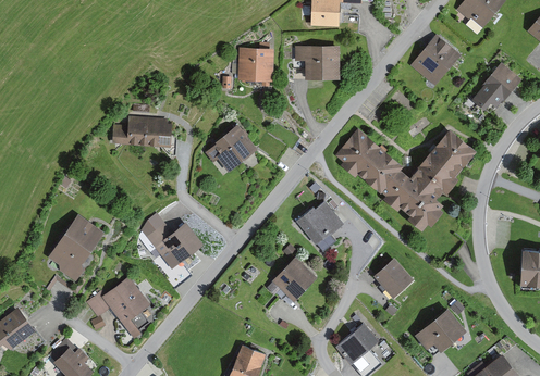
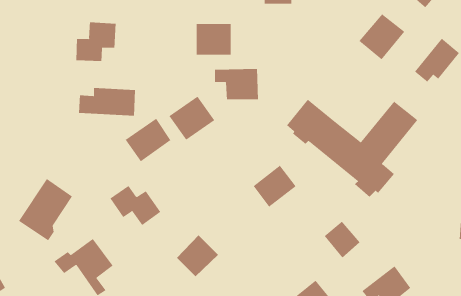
building: none -> [76,21,116,62]
building: [295,46,343,79] -> [214,68,259,100]
building: none -> [125,118,171,162]
building: [274,255,320,301] -> [176,234,219,277]

